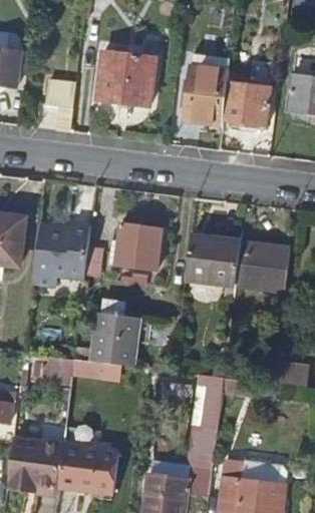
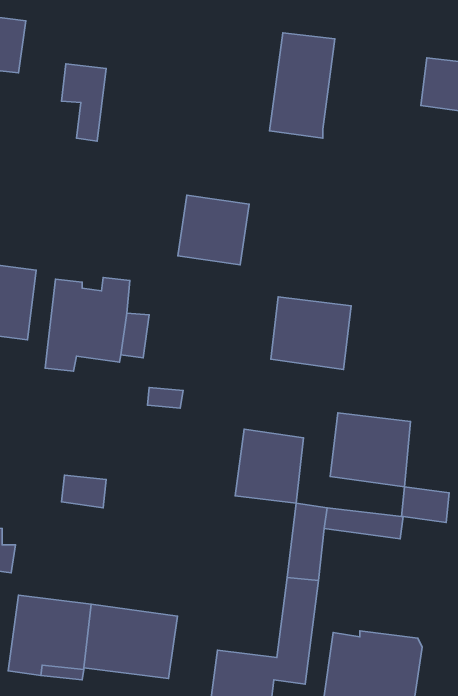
building: [95,49,153,104] -> none
building: [221,85,269,128] -> none
building: [114,221,163,269] -> [178,195,249,265]
building: [235,241,289,292] -> [330,413,410,487]
building: [93,317,139,367] -> [235,429,304,503]

